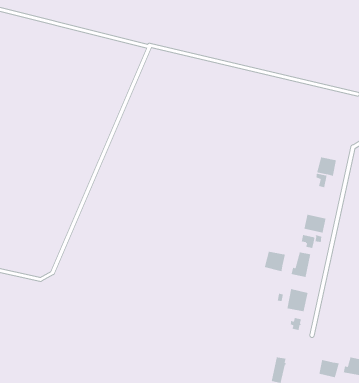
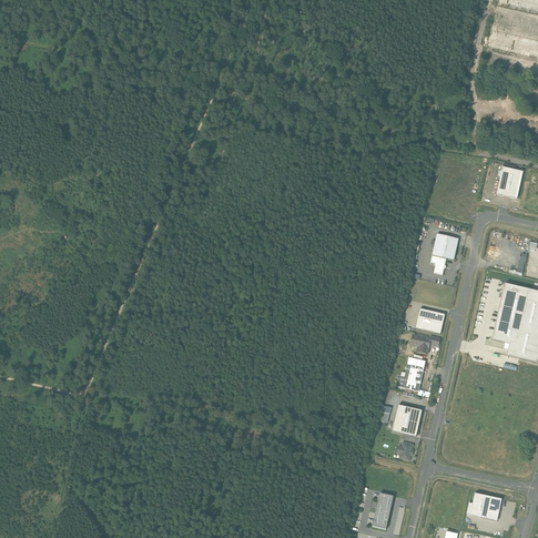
building: [264,251,286,272] -> none
building: [318,359,340,378] -> none

